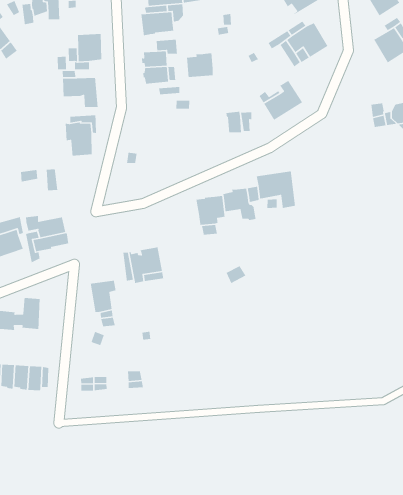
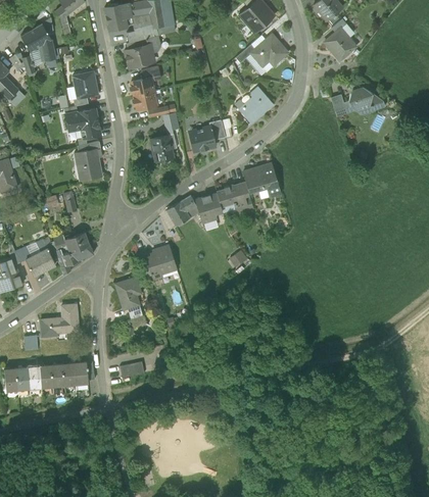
building: [186,53,213,78] -> [189,127,214,151]
building: none -> [150,135,172,161]
building: none -> [166,196,198,226]

